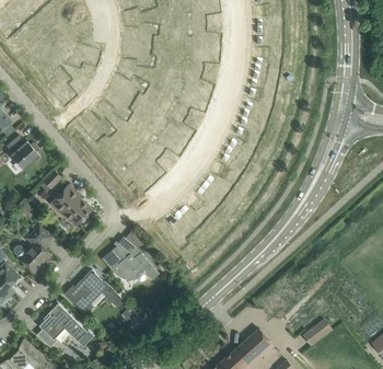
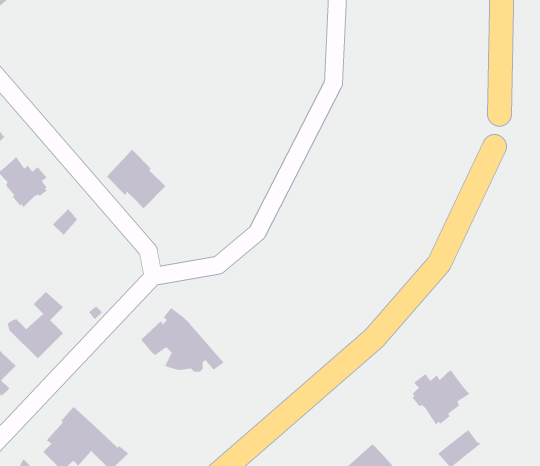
building: [50,184,91,224] -> [106,149,166,209]
building: [73,269,124,314] -> none
building: none -> [411,369,470,426]

